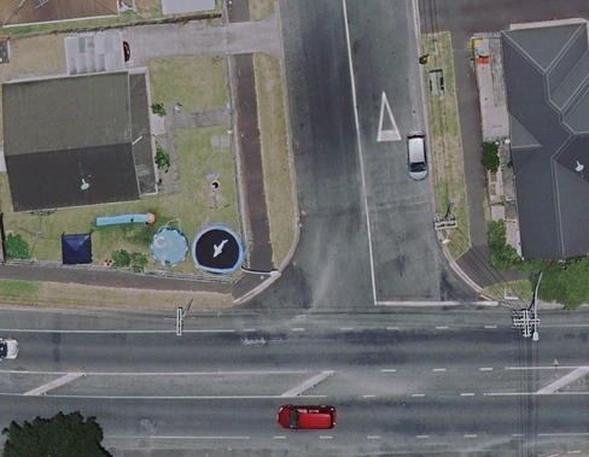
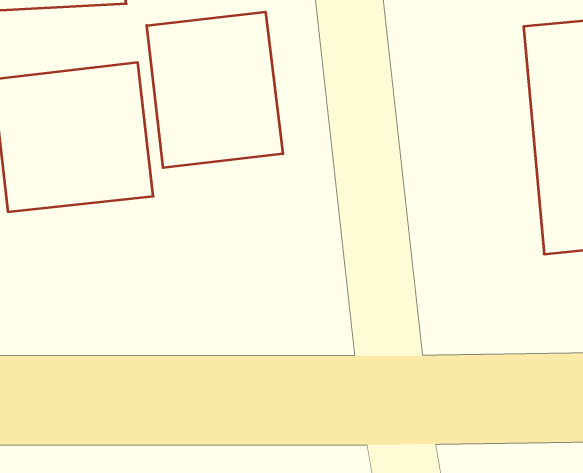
building: none -> [147,12,283,168]

